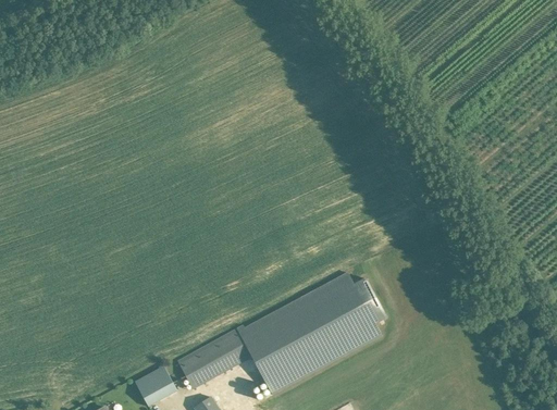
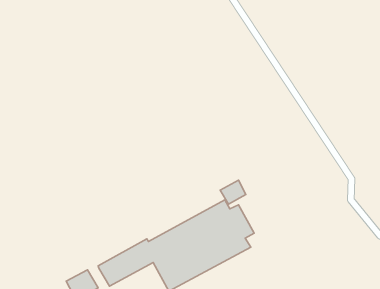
building: none -> [220,180,246,204]

